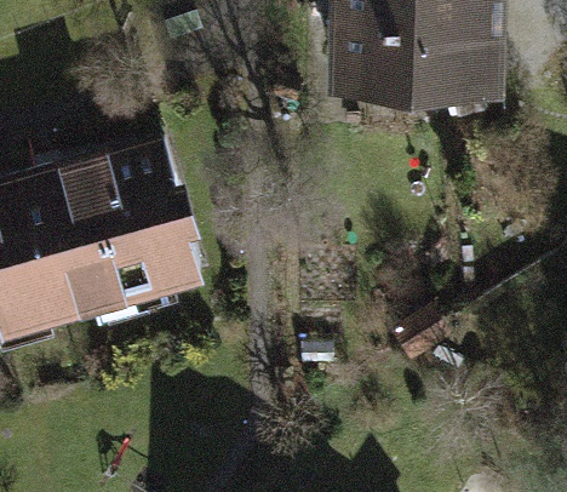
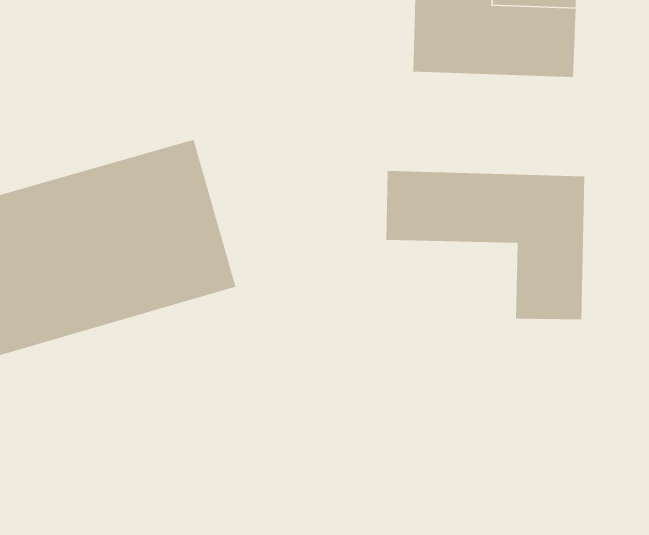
building: none -> [385,170,585,320]

